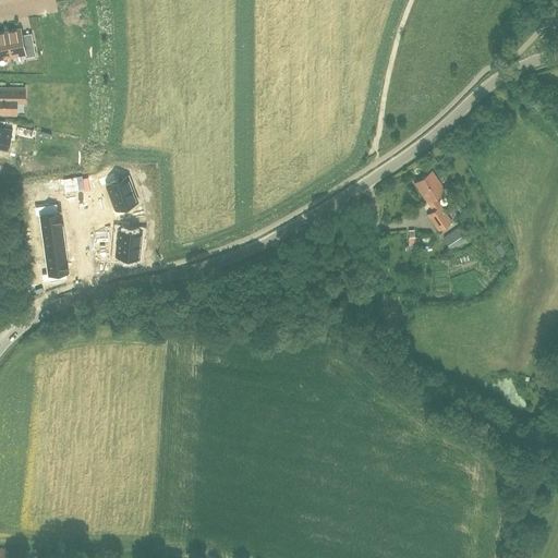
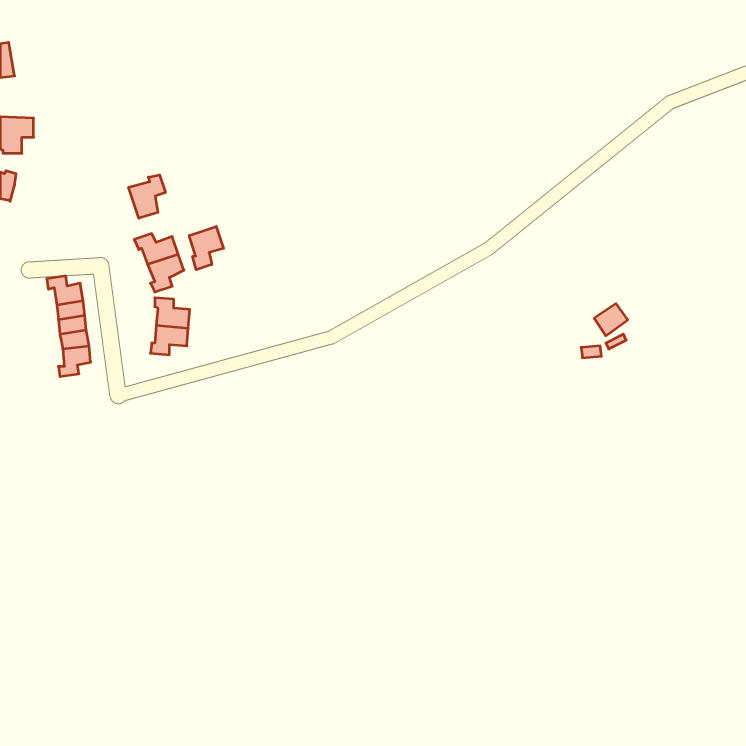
building: [7,29,36,58] -> none
building: none -> [129,175,165,218]
building: none -> [189,226,224,270]
building: [414,171,451,230] -> none

